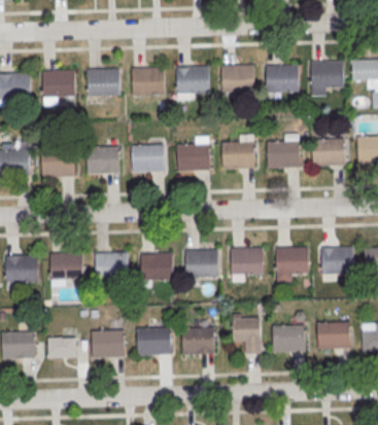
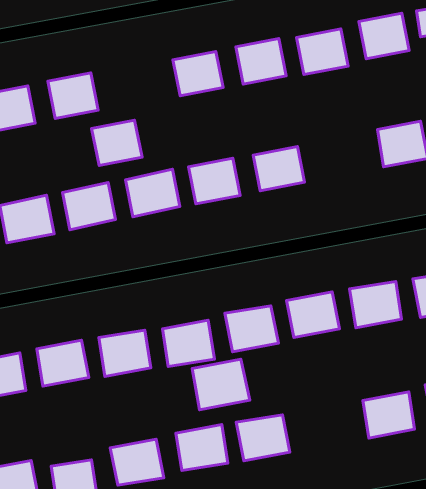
building: [133,67,165,95] -> [92,120,142,166]
building: [267,141,299,168] -> none
building: none -> [192,359,250,410]
building: [233,316,262,354] -> none

